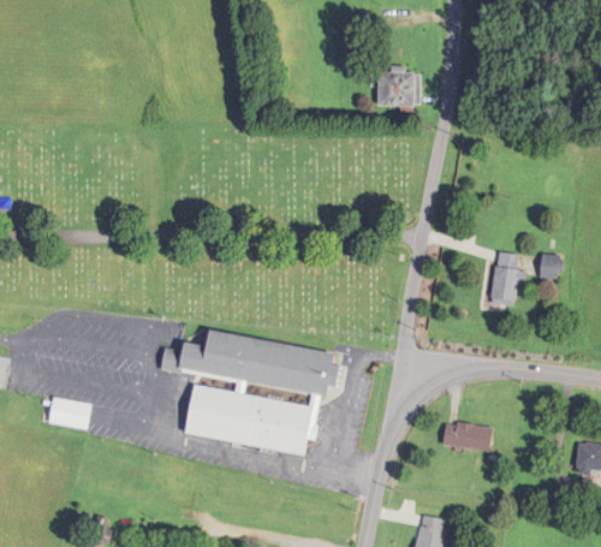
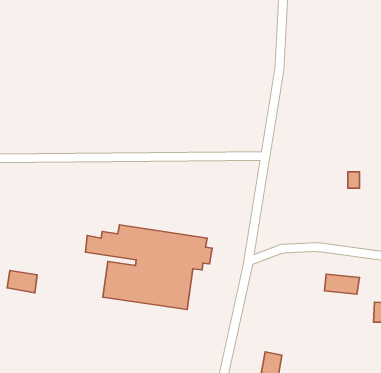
building: [376,70,418,106] -> none
building: [489,251,518,305] -> none
building: [444,421,494,450] -> [324,274,359,294]

